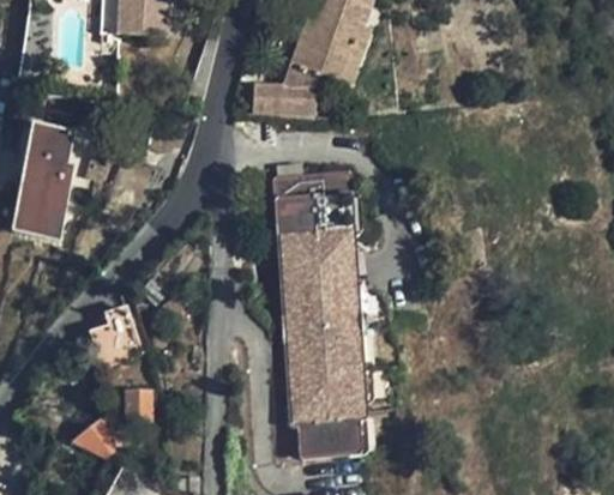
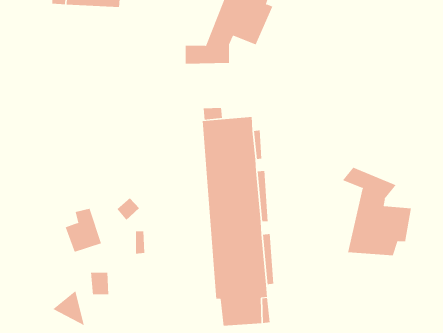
building: [14,128,70,235] -> none
building: none -> [342,167,411,256]

